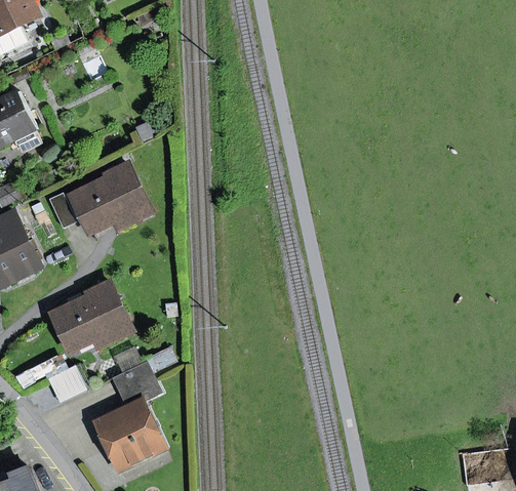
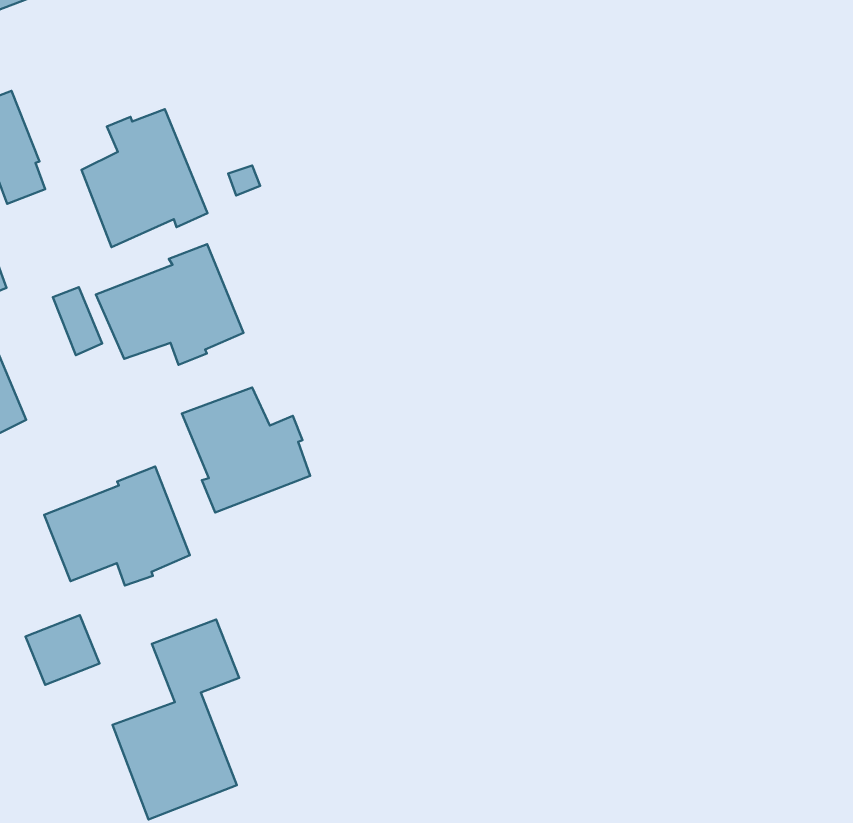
building: none -> [82,109,208,247]
building: none -> [182,388,310,513]

